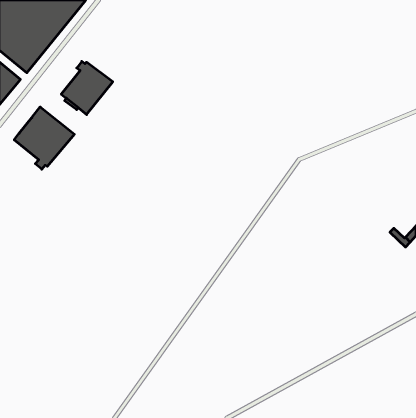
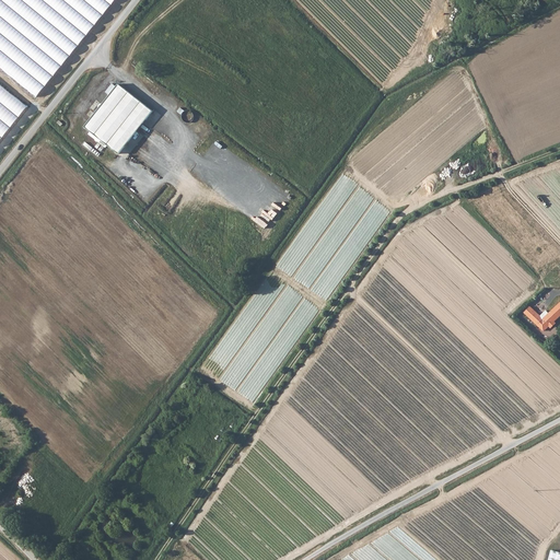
building: [14,107,74,169] -> none

